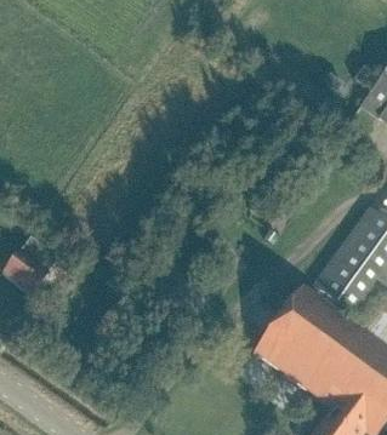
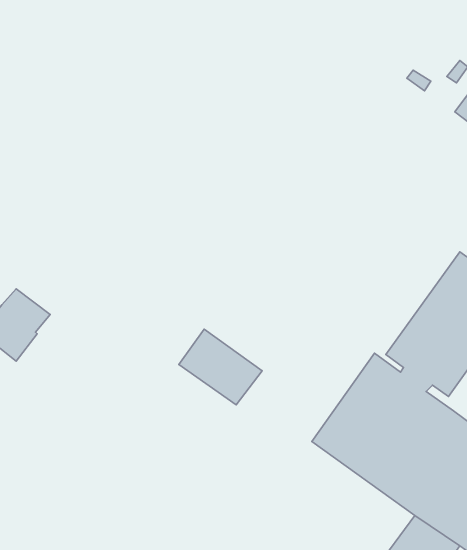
building: none -> [179,329,262,405]

